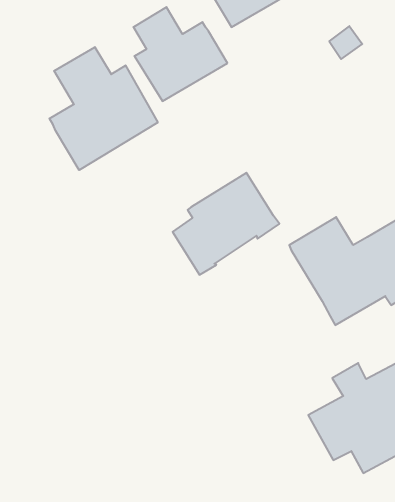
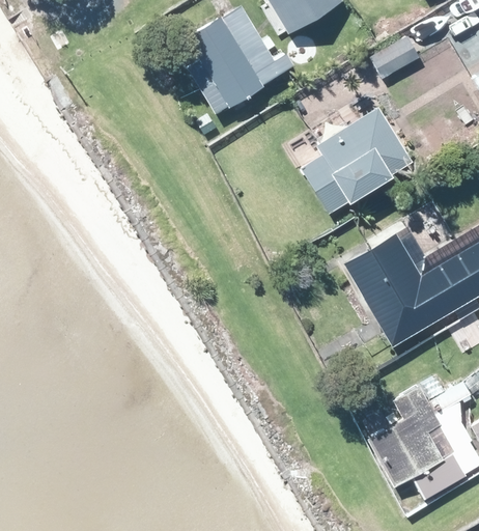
building: [49,47,158,170] -> none
building: [173,173,279,275] -> [301,107,412,213]

